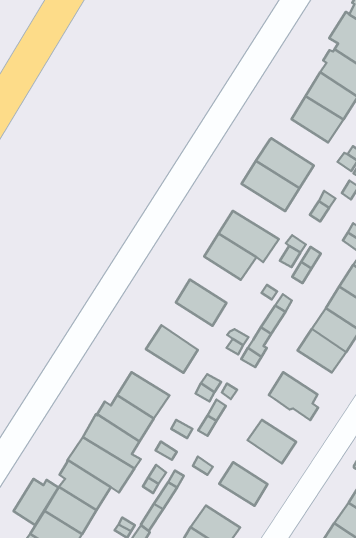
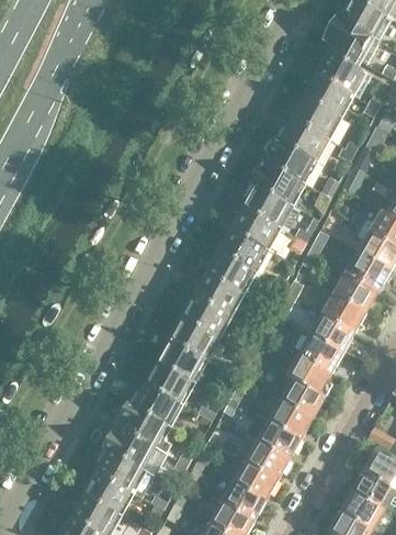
building: none -> [275,118,328,159]
building: none -> [244,180,292,225]
building: none -> [207,249,263,296]
building: none -> [183,293,230,336]
building: none -> [158,338,206,380]
building: none -> [298,332,343,371]
building: none -> [281,378,326,416]
building: none -> [257,417,302,457]
building: [13,479,58,525] -> none
building: none -> [234,459,279,499]

